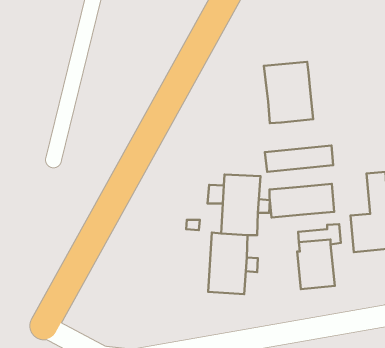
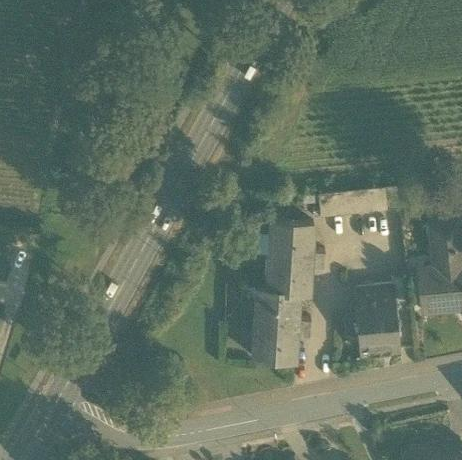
building: [264,62,313,123] -> none
building: [269,184,334,217] -> none

